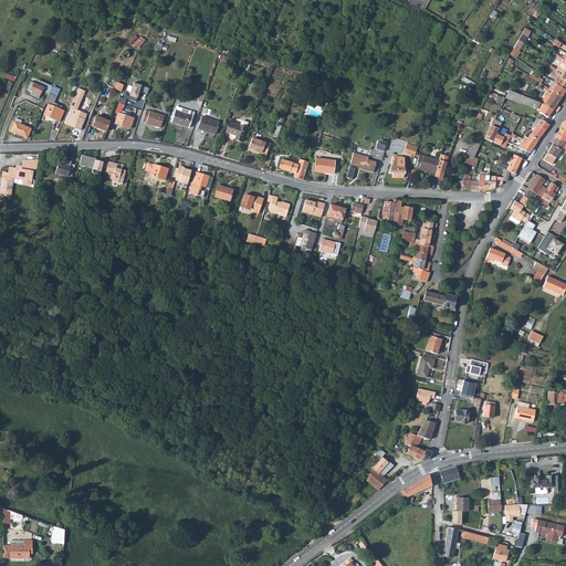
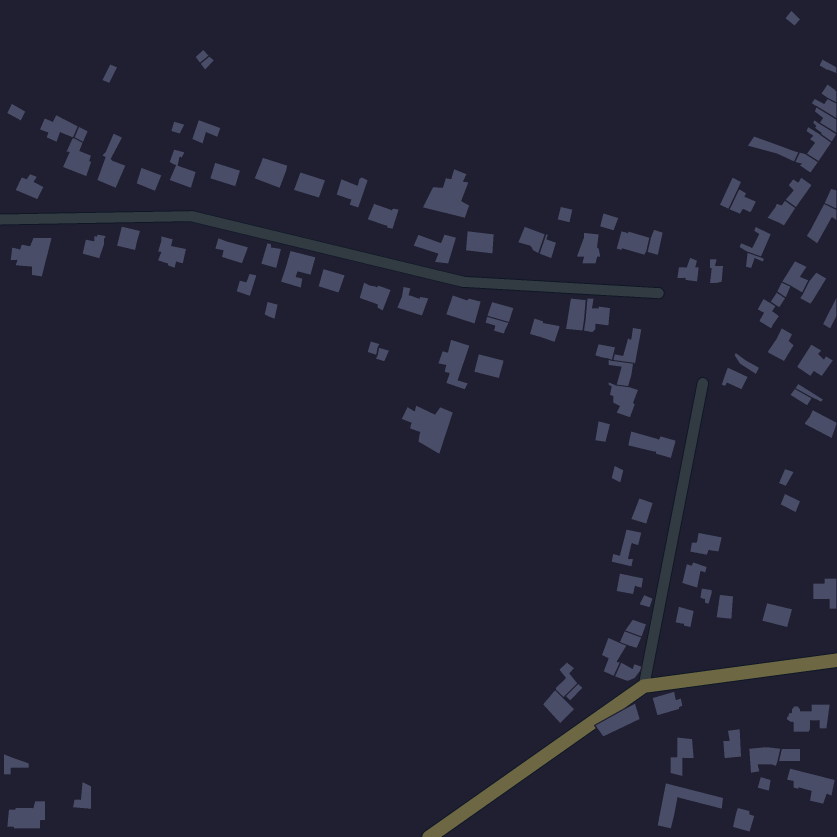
building: none -> [422,169,470,219]
building: none -> [401,405,454,455]

